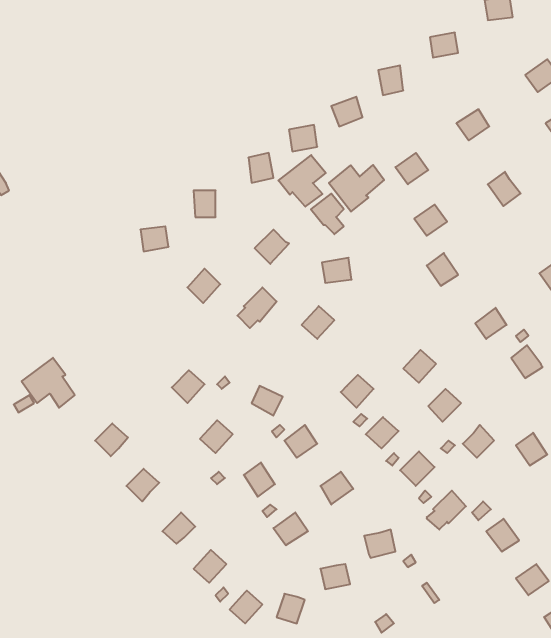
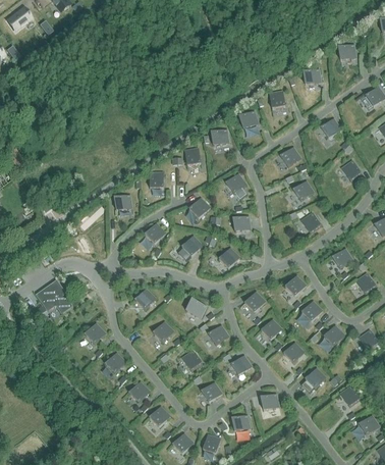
building: [278,155,326,207] -> none
building: [329,165,384,212] -> none

